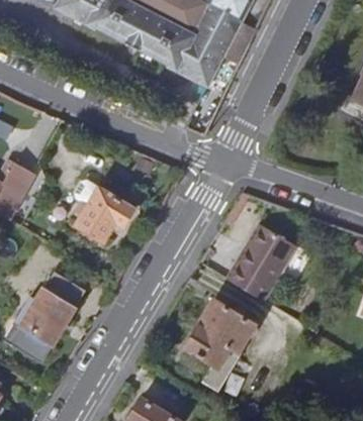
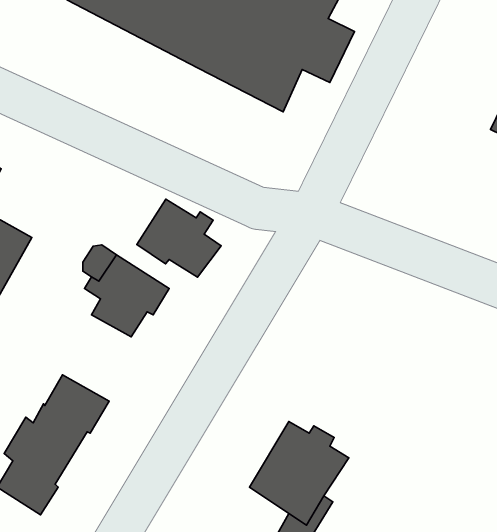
building: none -> [137,199,221,277]
building: [226,225,295,301] -> none

